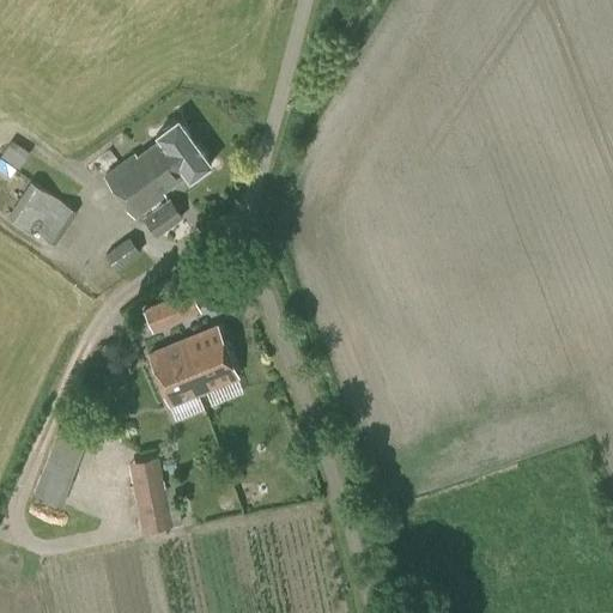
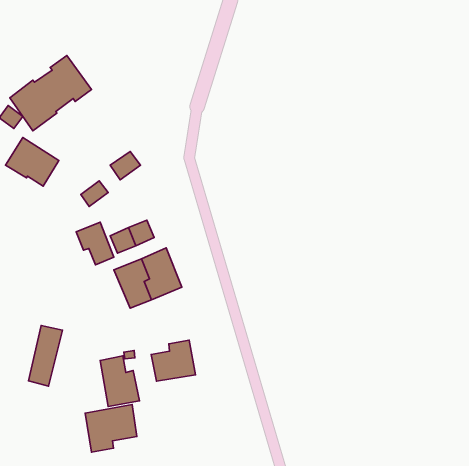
building: [104,122,211,220] -> [10,56,92,131]
building: none -> [76,222,114,265]
building: none -> [151,340,196,381]
building: none -> [85,405,137,452]

